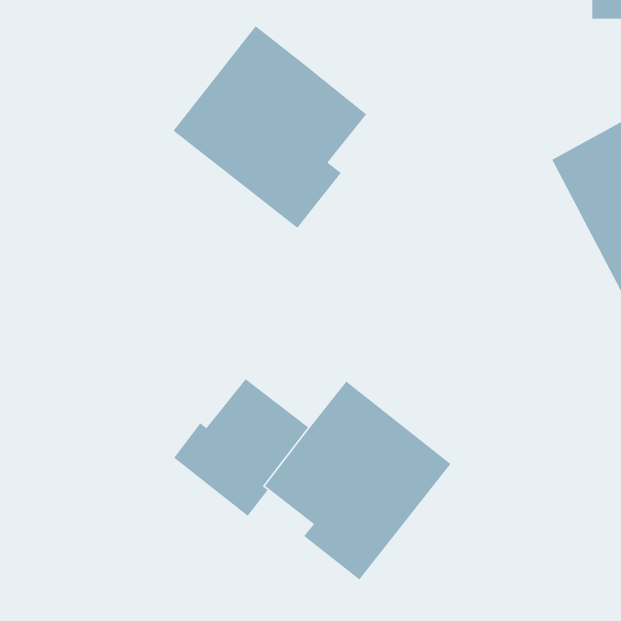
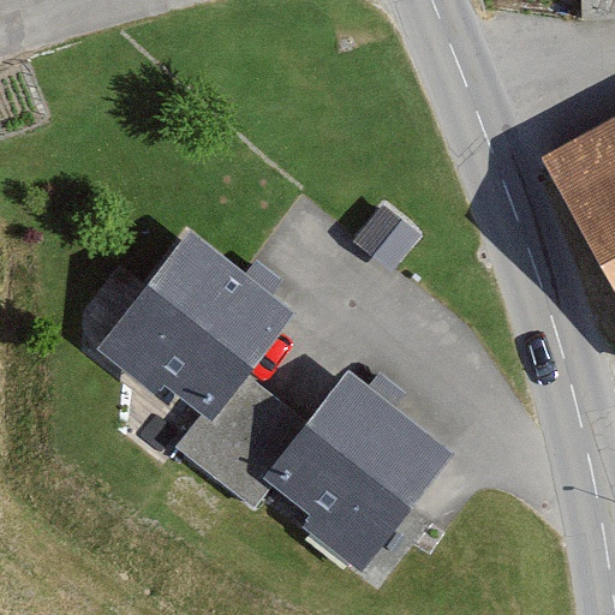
building: [173,25,367,229] -> none
building: none -> [96,229,293,418]

